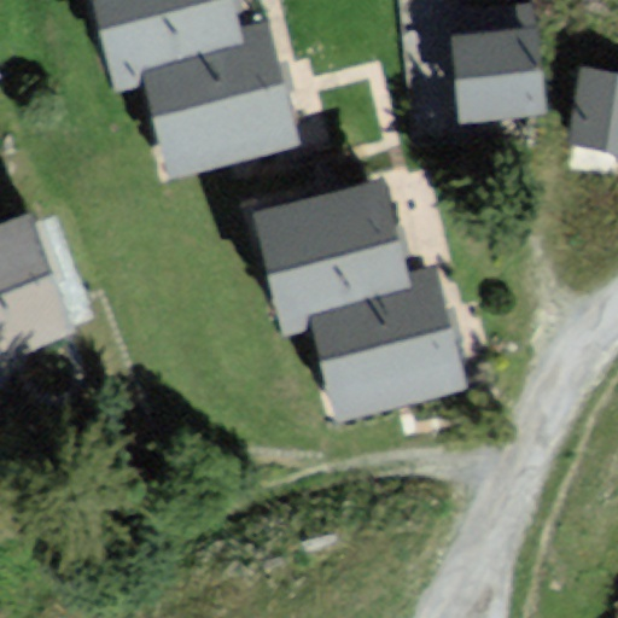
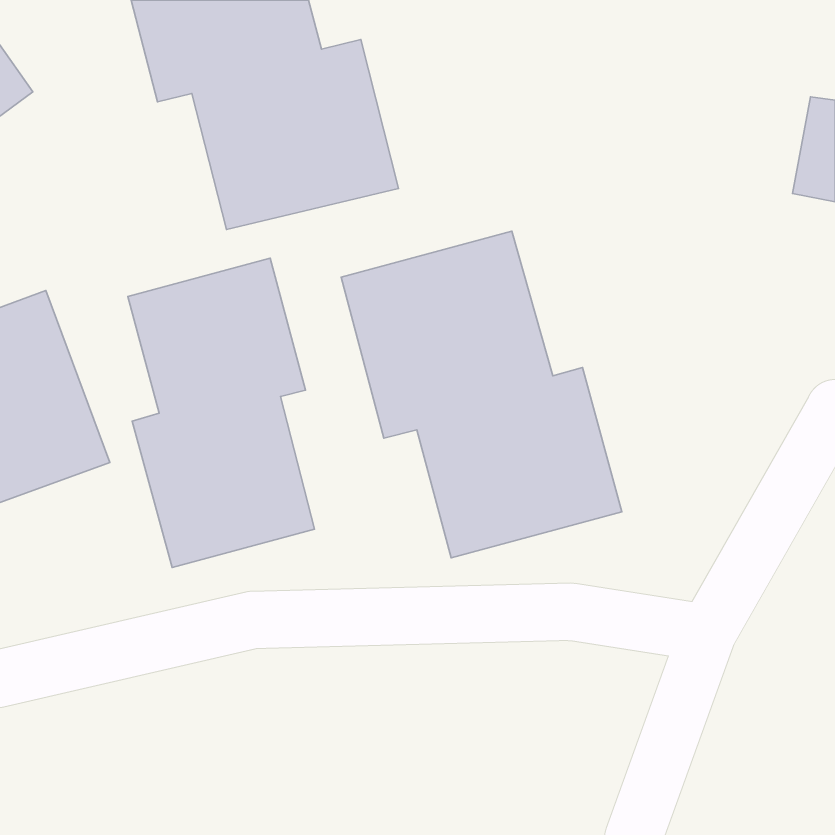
building: [464,31,562,122] -> none
building: none -> [128,258,315,568]

